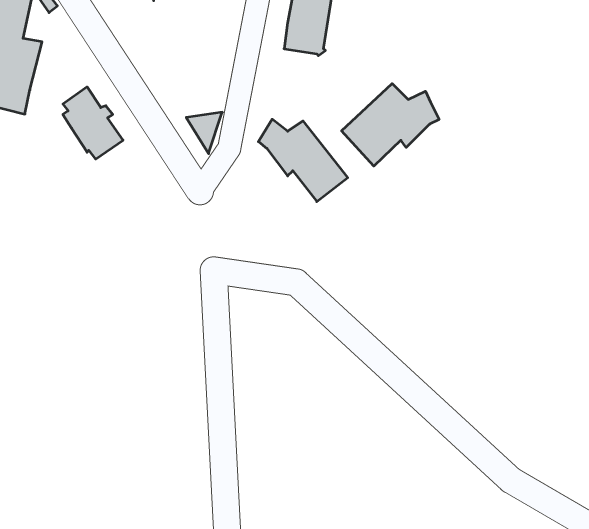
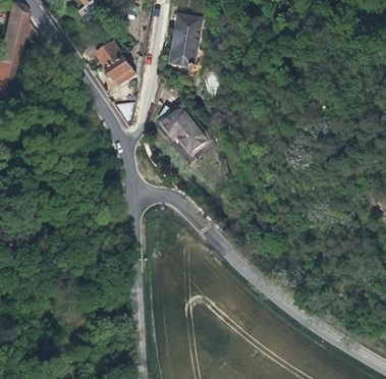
building: [342,84,439,166] -> none
building: [63,87,123,159] -> [98,40,133,83]

